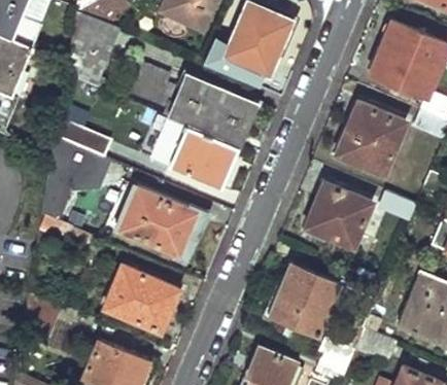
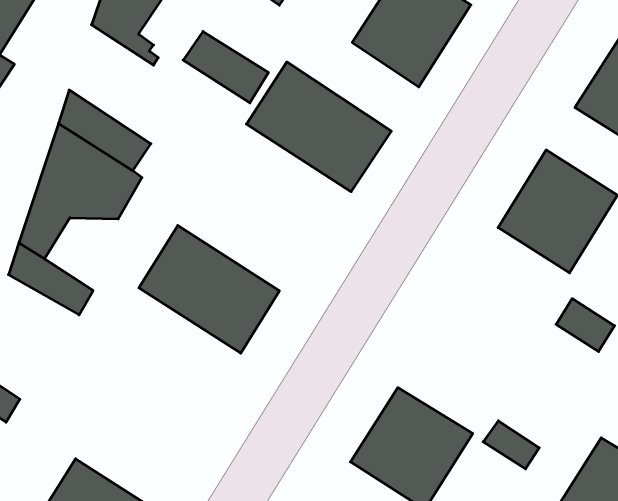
building: [152,116,241,188] -> none
building: [302,182,371,247] -> none
building: [104,262,180,328] -> none

